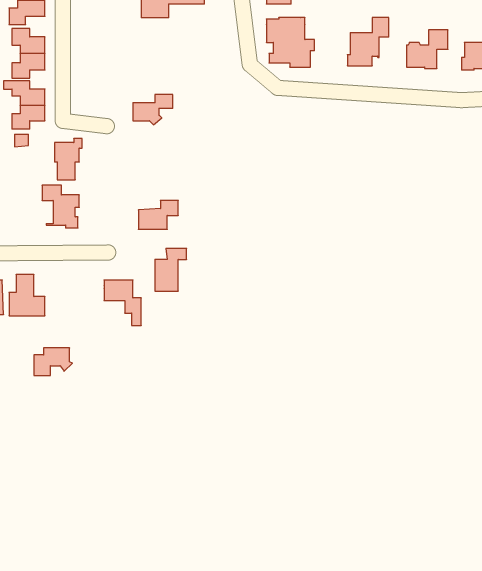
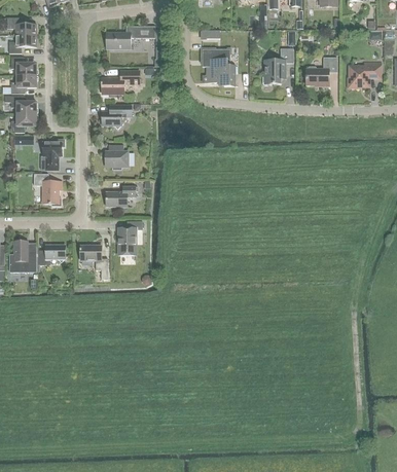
building: none -> [101,70,139,93]
building: none -> [106,144,128,168]
building: [34,348,72,375] -> [38,244,67,264]

